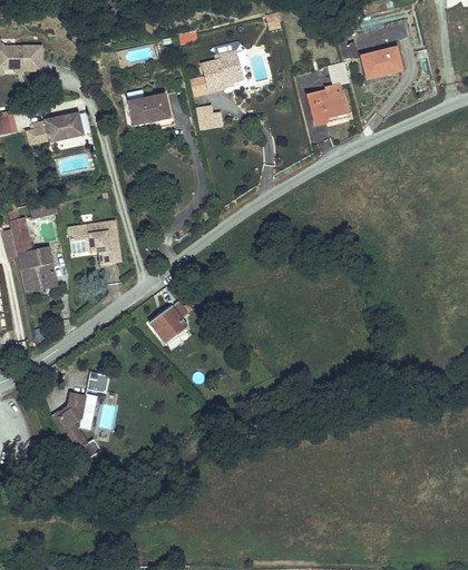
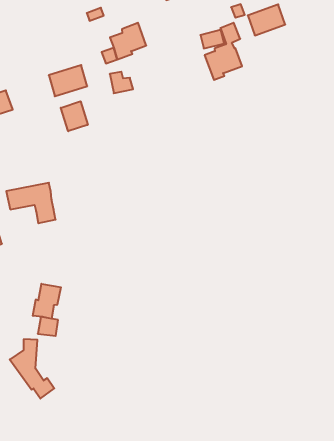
building: none -> [61,101,88,131]
building: [150,301,187,342] -> none
building: none -> [33,284,61,319]

